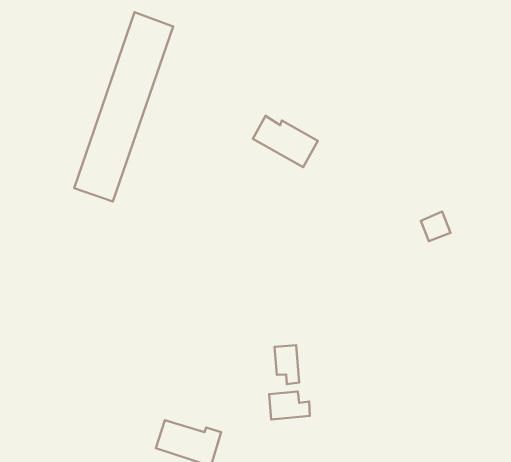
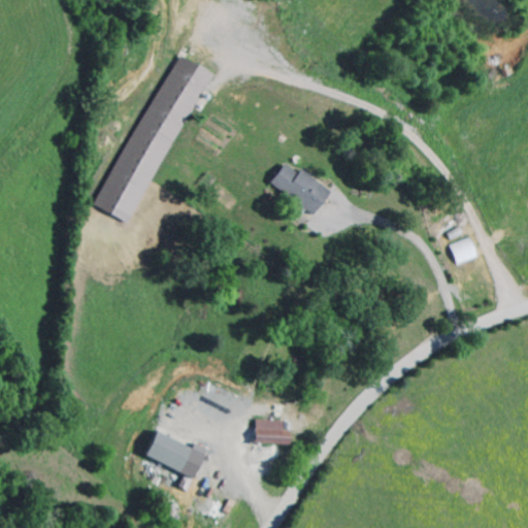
building: [421,212,450,241] -> [449,236,474,262]
building: [274,345,299,384] -> none

